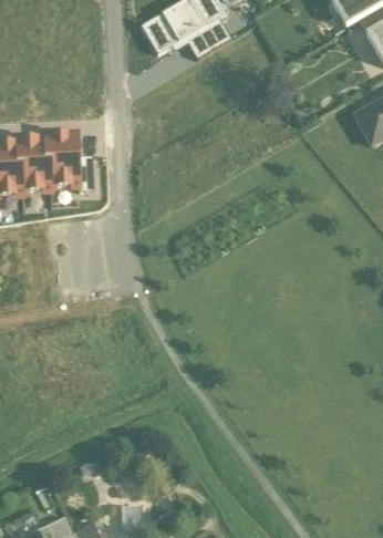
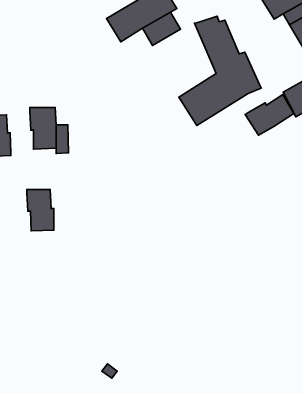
building: none -> [179,16,261,126]
building: none -> [245,94,294,135]
building: [15,139,49,190] -> [27,189,54,231]

